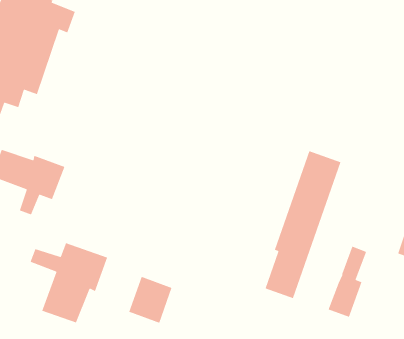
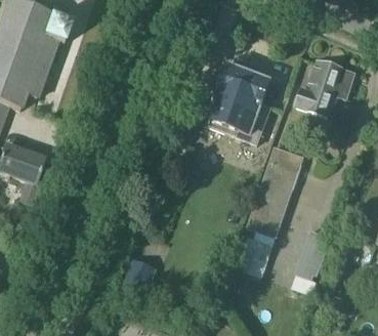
building: none -> [294,58,353,117]
building: none -> [205,65,270,144]
building: [30,242,108,324] -> none

